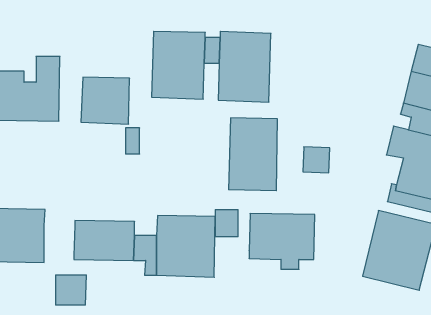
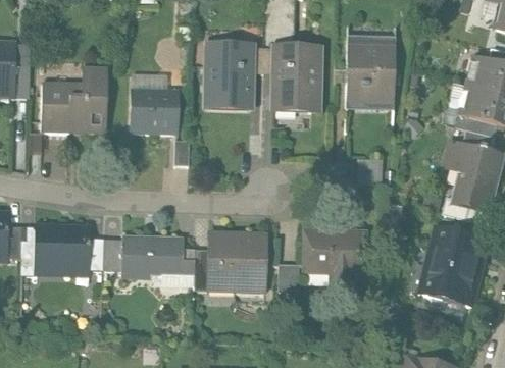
building: [229,118,277,191] -> [346,35,396,109]
building: [215,210,238,237] -> [277,265,301,293]
building: [56,275,86,305] -> [91,240,122,270]

